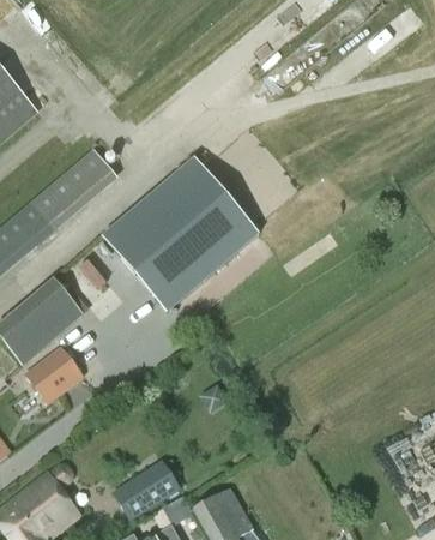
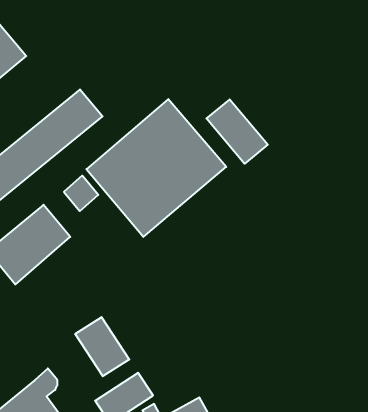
building: none -> [206,99,268,164]
building: [24,347,81,402] -> none
building: none -> [75,317,129,376]

